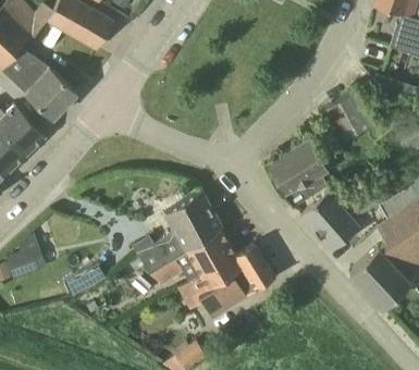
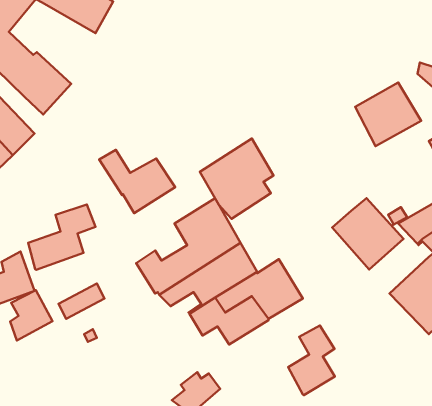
building: [266,138,329,207] -> [200,139,274,219]
building: none -> [99,150,175,213]
building: none -> [28,204,95,270]
building: none -> [10,290,52,340]
building: none -> [288,325,335,395]

